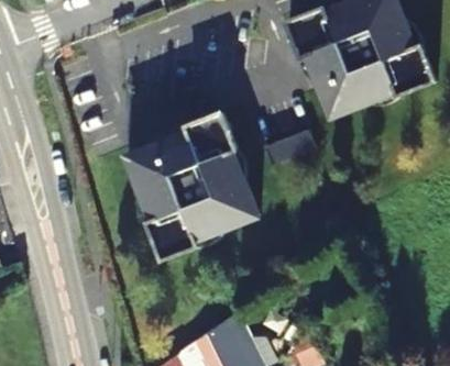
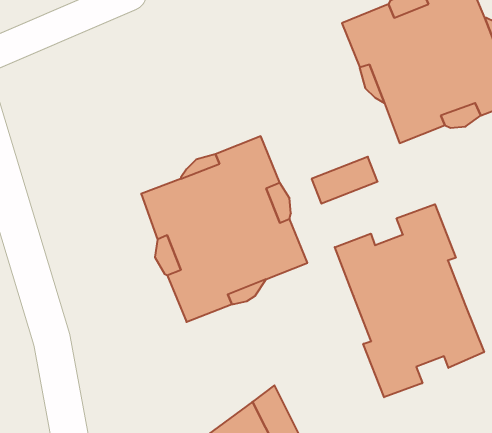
building: none -> [335,204,484,397]

